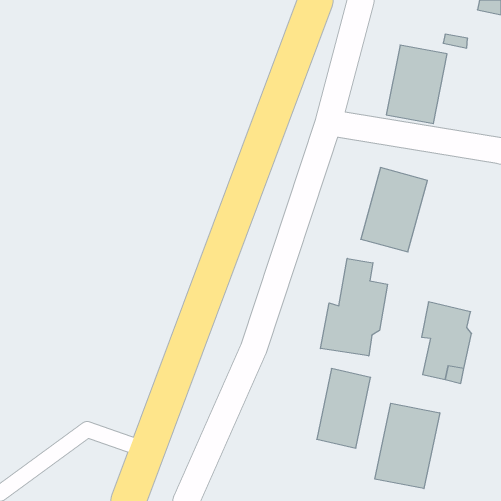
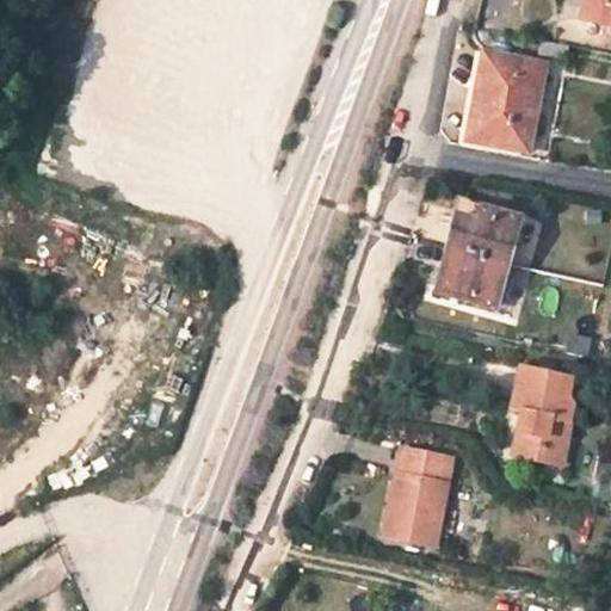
building: [320,258,387,356] -> none
building: [375,403,440,489] -> none

